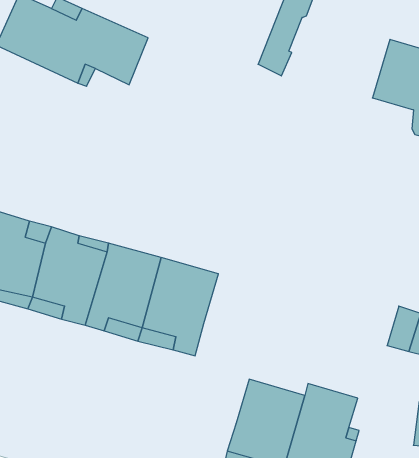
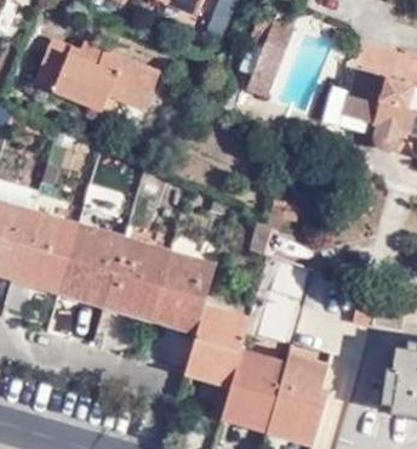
building: none -> [182,305,249,387]

